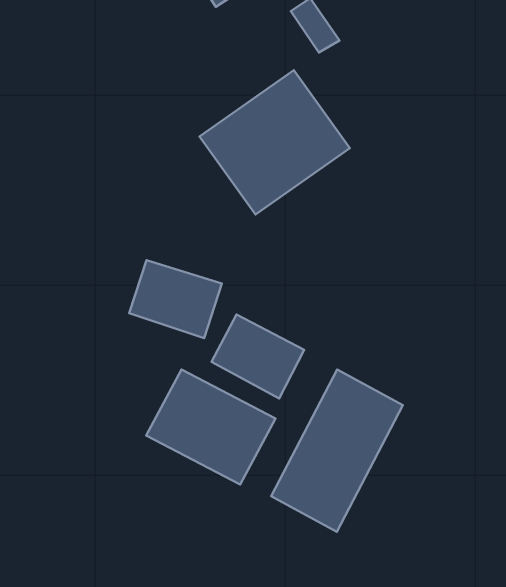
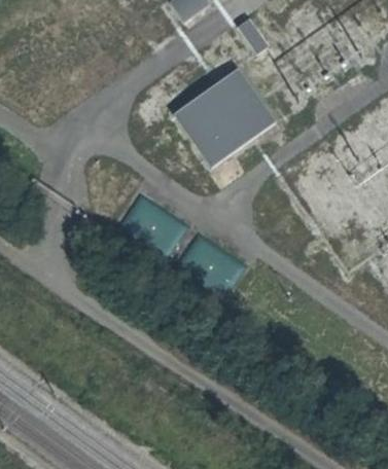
building: [271,370,403,532] -> none
building: [146,370,275,484] -> none

